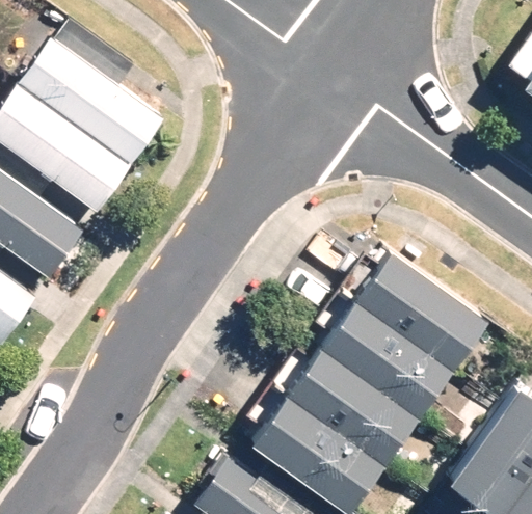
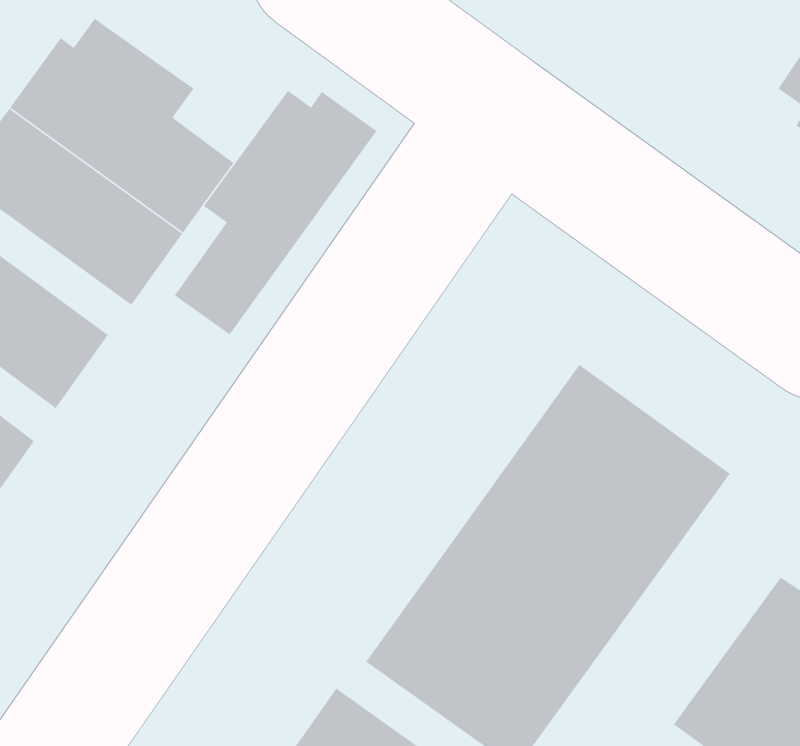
building: none -> [174,90,378,335]

